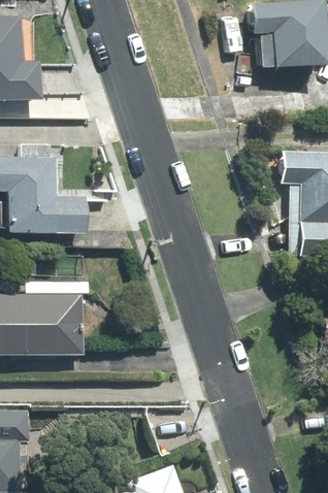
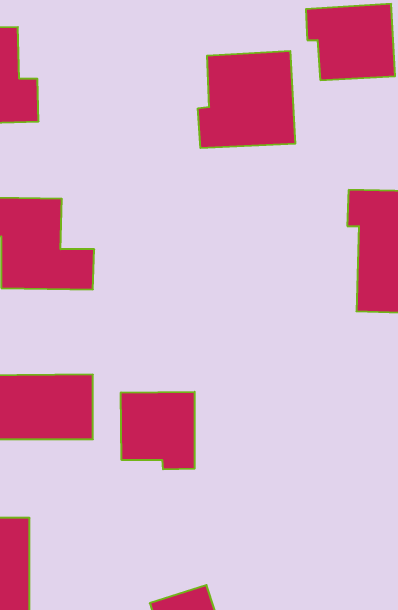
building: none -> [198,51,295,148]
building: none -> [121,392,195,469]

